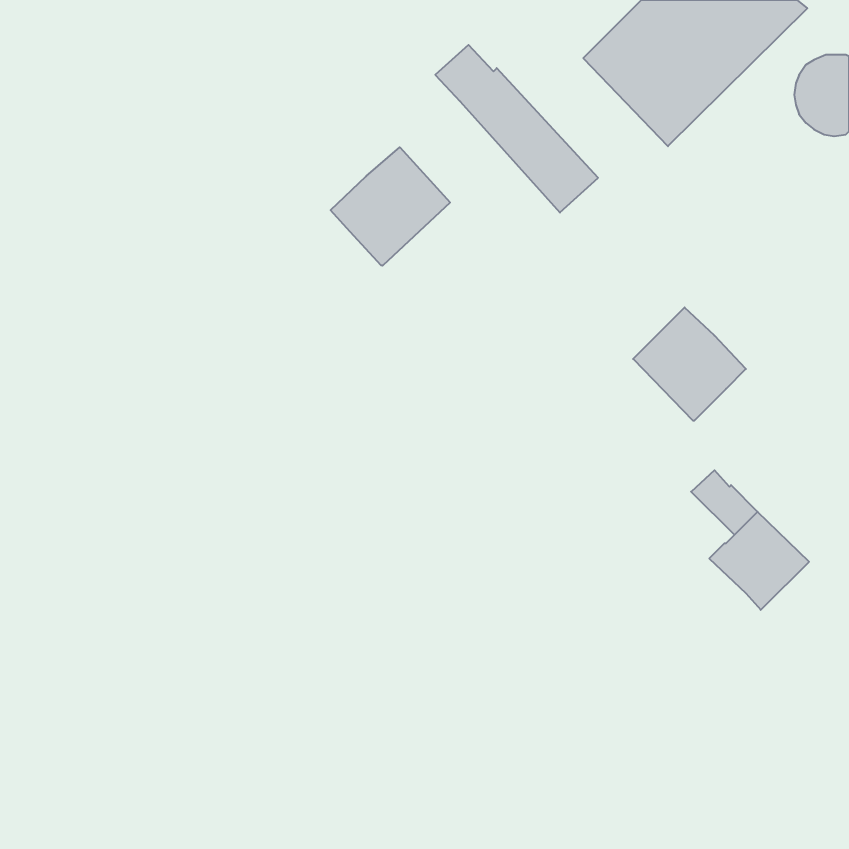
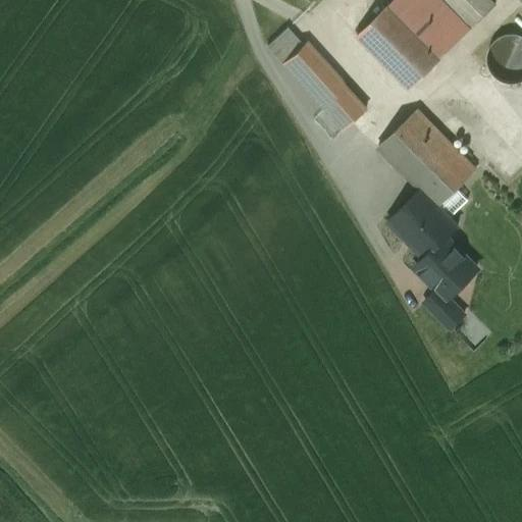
building: [331,147,450,266] -> none
building: none -> [378,109,476,206]
building: [709,512,809,610] -> [416,239,477,299]

